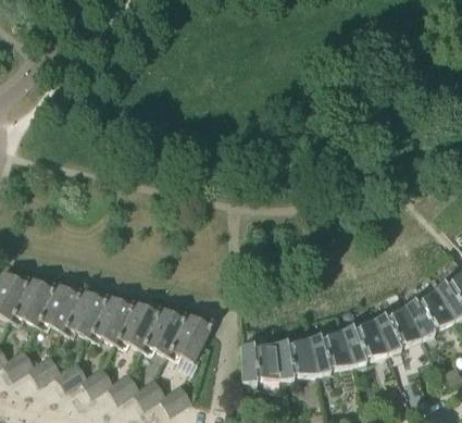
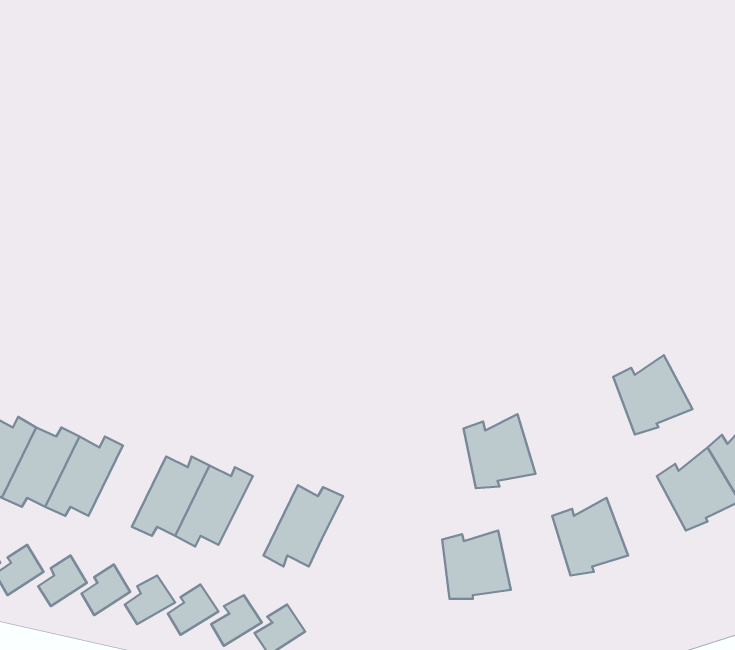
building: [62,288,109,337] -> none
building: [140,307,188,354] -> none
building: [374,307,422,354] -> [613,355,693,434]
building: [309,331,352,375] -> [463,414,536,488]
building: [241,345,279,385] -> none

